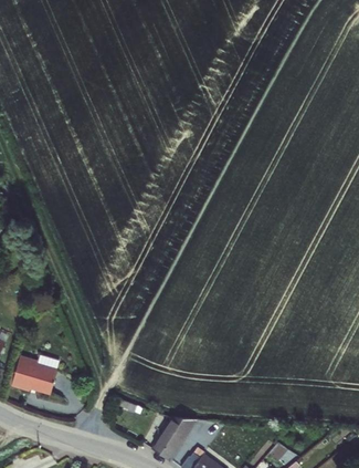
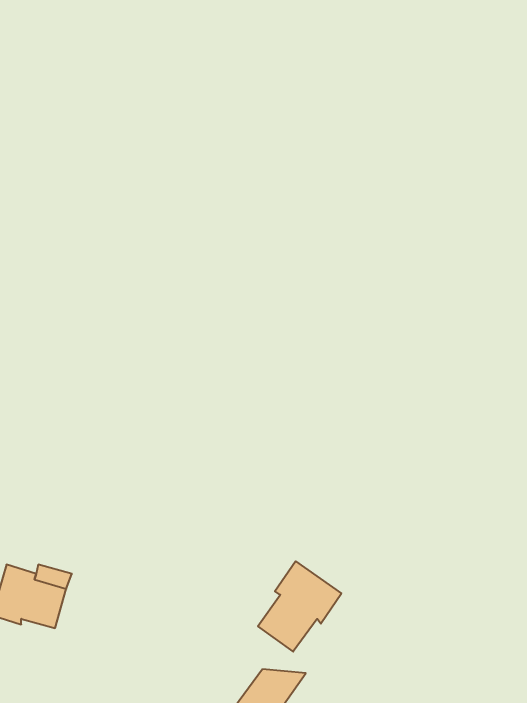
building: none -> [258,561,341,652]

